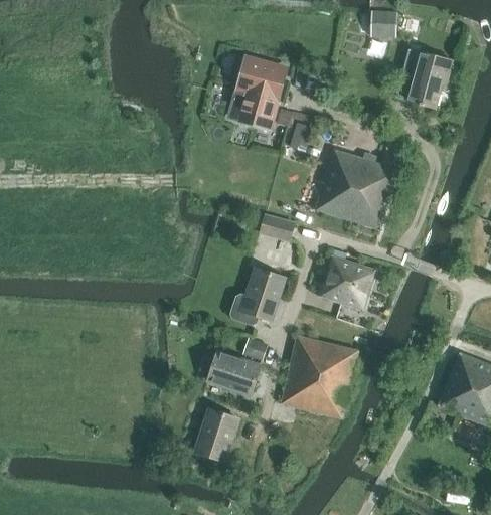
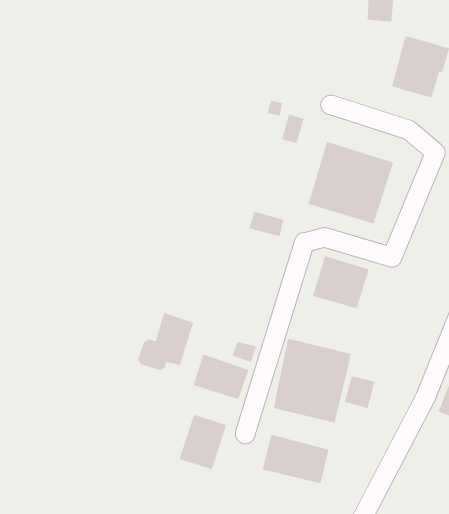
building: [230,57,285,126] -> none
building: [230,268,285,324] -> [137,312,194,371]
building: none -> [344,375,375,409]
building: none -> [262,434,329,484]

